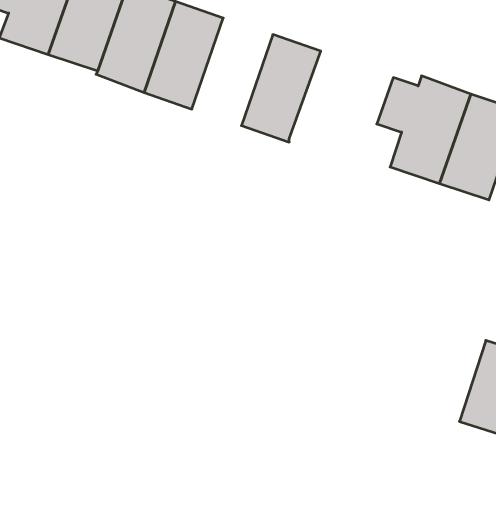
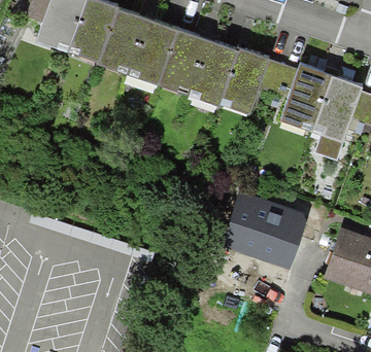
building: none -> [158,28,208,95]
building: none -> [218,47,283,113]
building: none -> [224,193,307,266]

